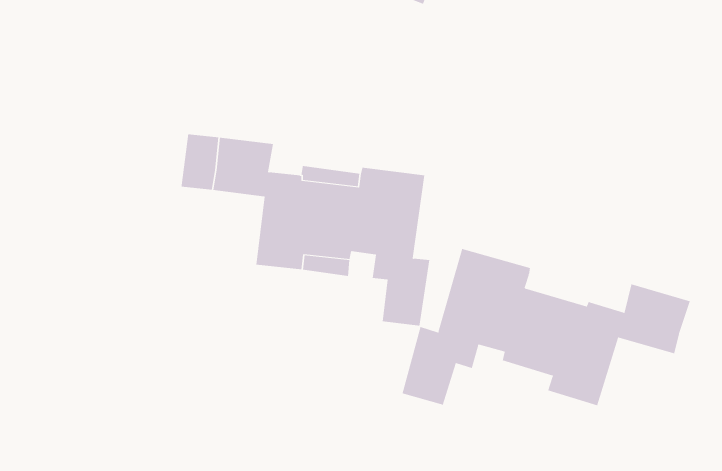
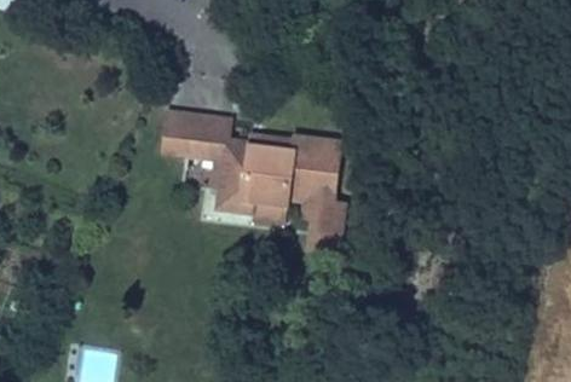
building: [402,248,691,406] -> none

